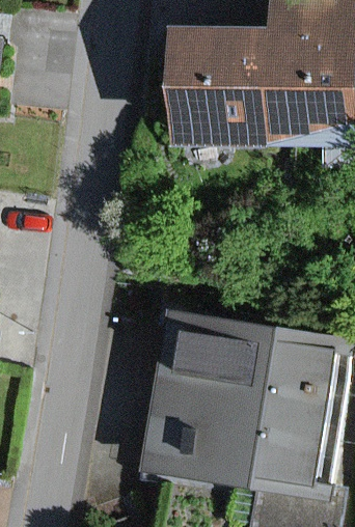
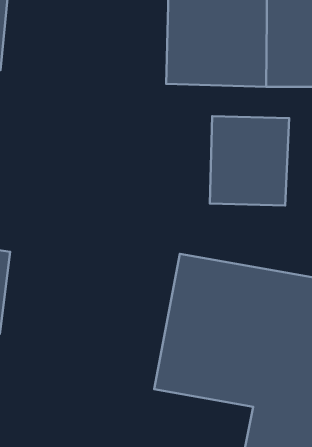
building: none -> [210,116,289,205]

